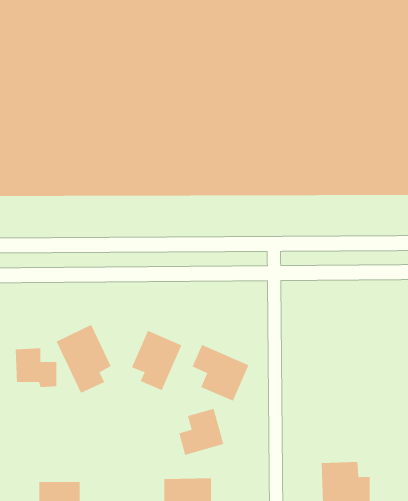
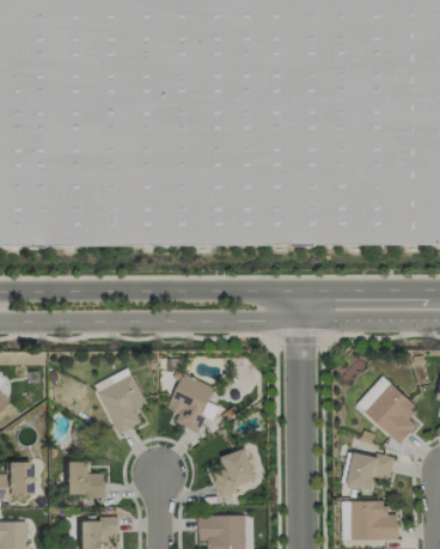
building: none -> [356,376,418,445]
building: [192,344,249,401] -> none
building: [15,348,57,388] -> [65,460,105,499]
building: none -> [346,450,395,492]

